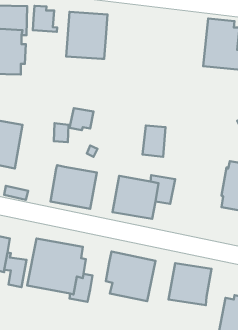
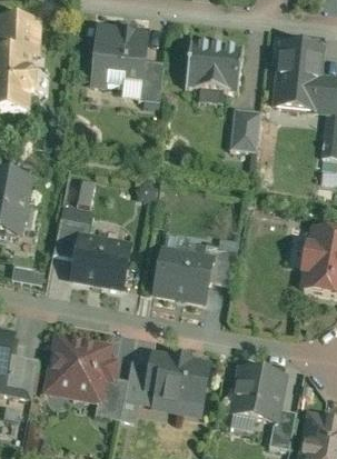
building: [33,6,57,32] -> none
building: none -> [186,40,242,100]
building: none -> [138,60,162,100]
building: [70,108,93,130] -> [61,207,93,237]
building: [143,126,166,157] -> [230,109,261,151]
building: none -> [123,360,153,406]
building: none -> [269,410,296,448]

